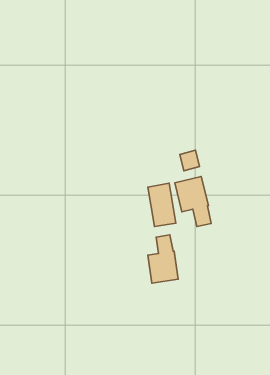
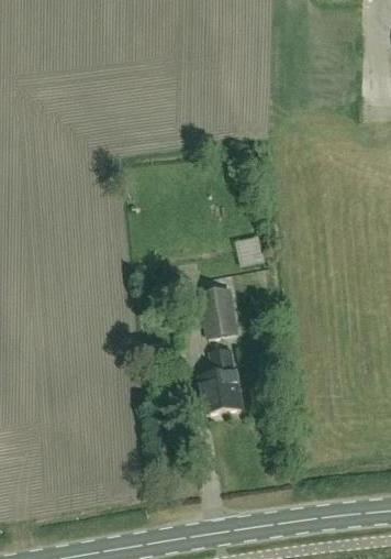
building: [175,176,211,226] -> none

